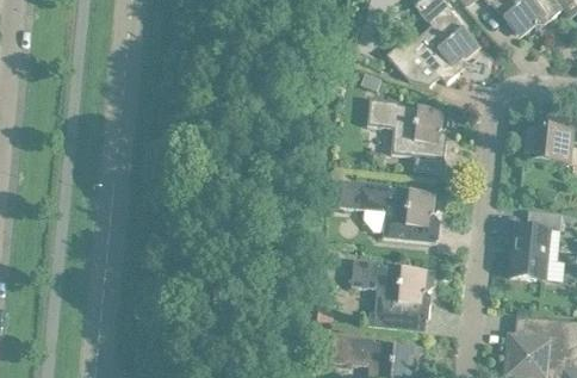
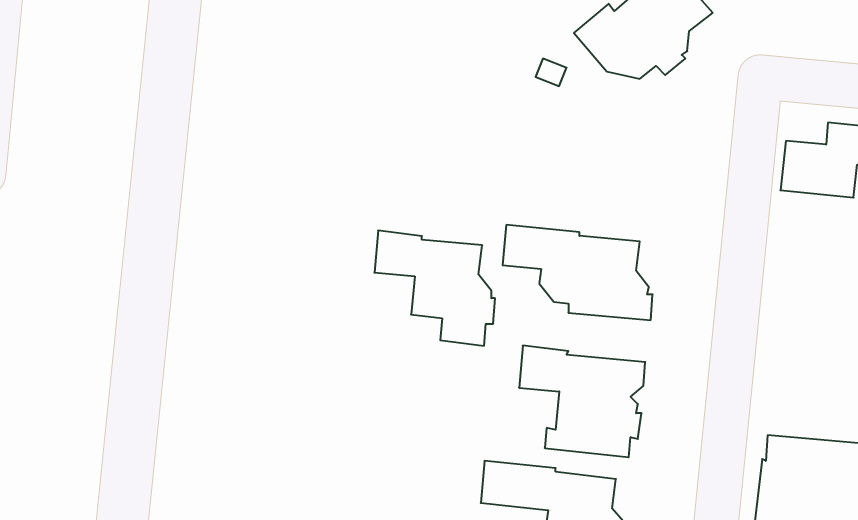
building: [368,98,447,173] -> [374,231,495,346]
building: [511,210,563,279] -> none

